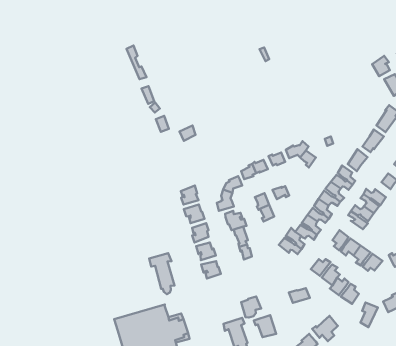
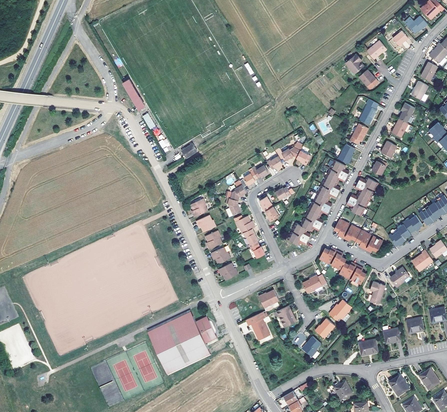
building: [149,253,175,294] -> none

